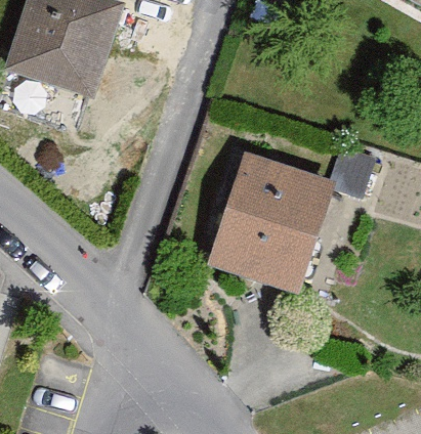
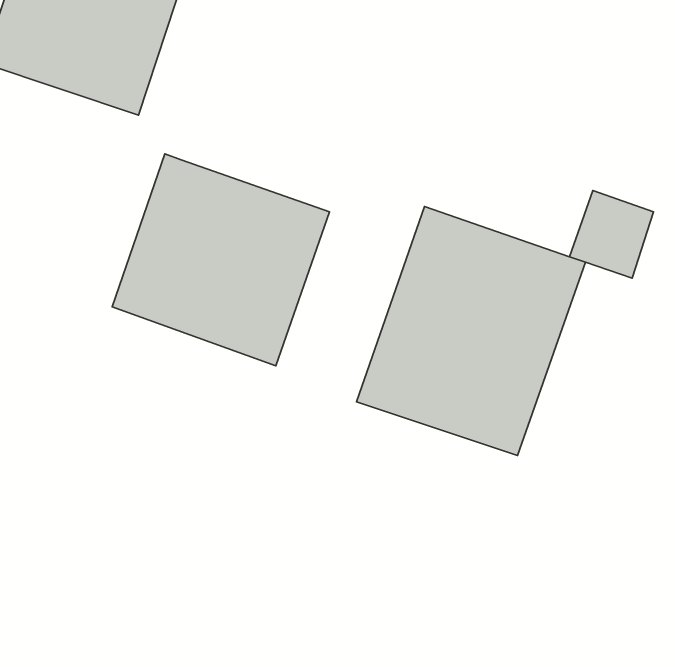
building: none -> [112,154,329,366]

